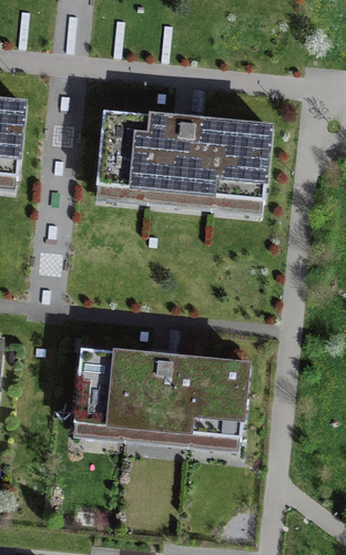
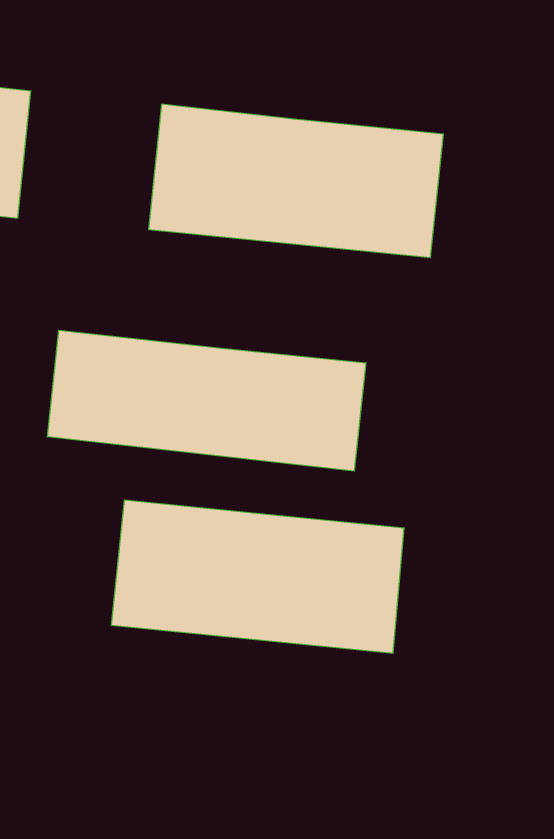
building: none -> [48,330,366,471]

